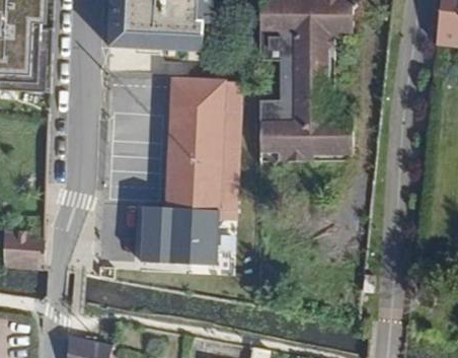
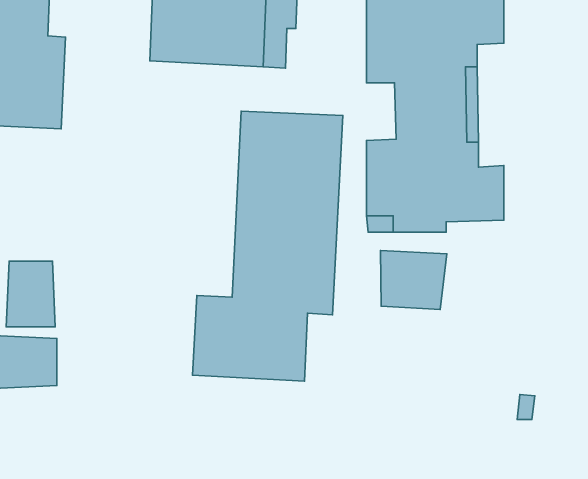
building: none -> [380,250,447,309]
building: none -> [6,261,55,327]

